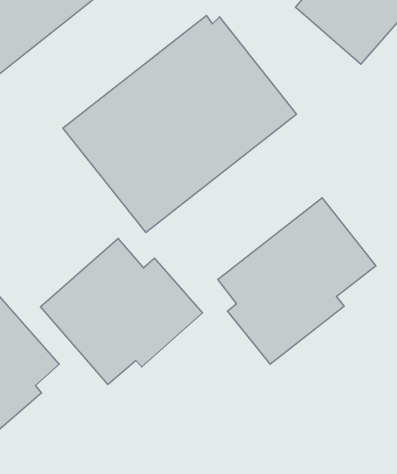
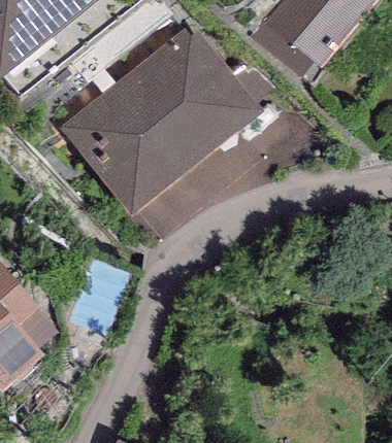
building: [218,198,376,364] -> none
building: [40,239,203,384] -> none

